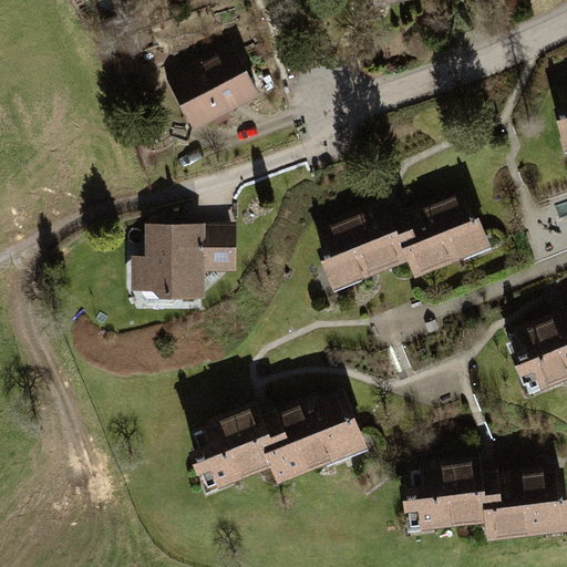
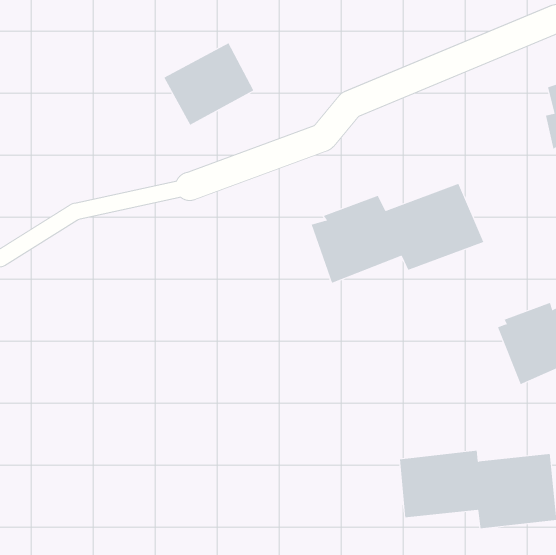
building: [132,223,239,298] -> none
building: [189,393,369,487] -> none

